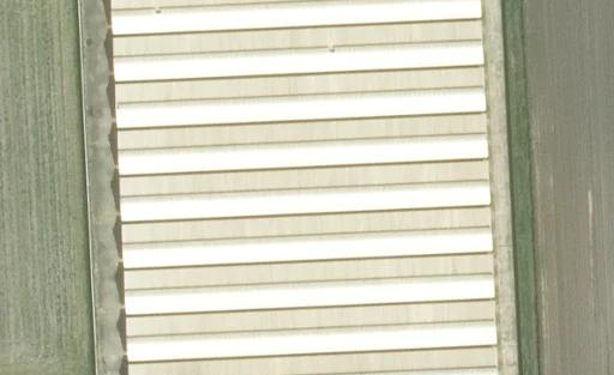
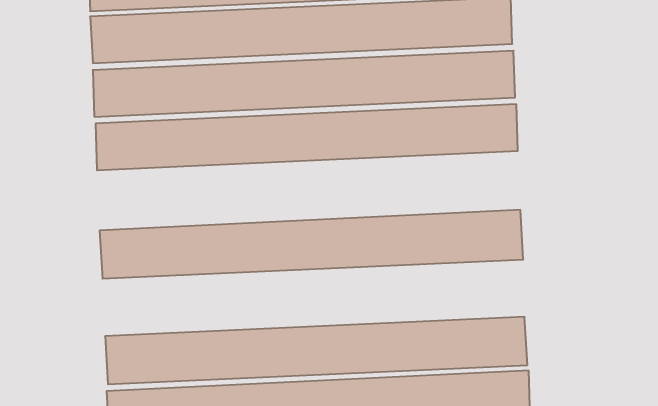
building: [119,139,488,198] -> none
building: [122,232,493,290] -> none

